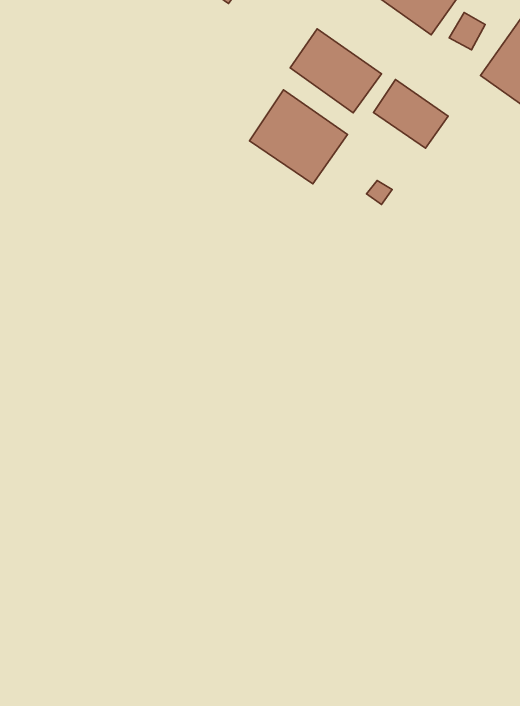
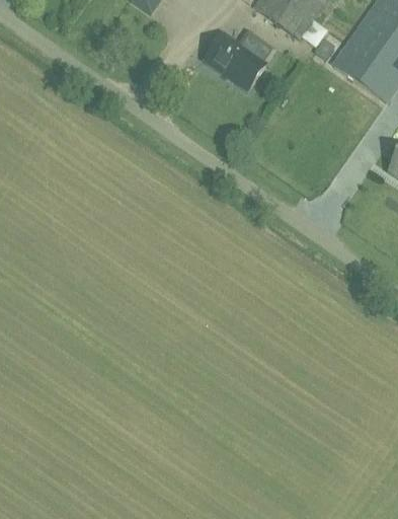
building: [374,80,448,148] -> none
building: [249,90,347,184] -> none

